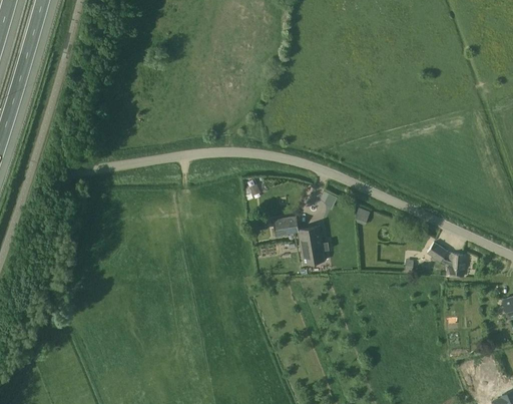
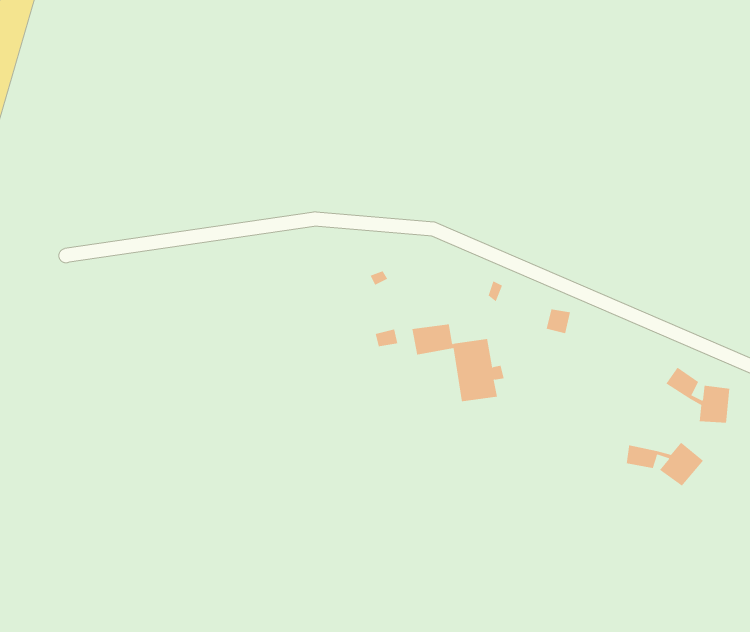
building: none -> [626,442,704,487]

